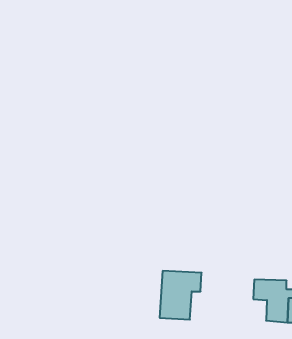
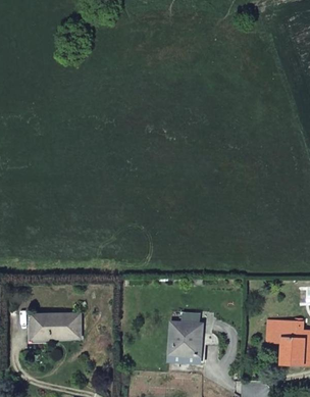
building: none -> [32,314,80,339]

